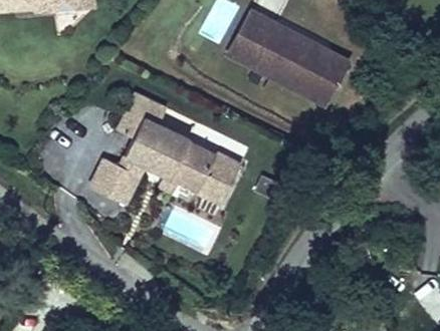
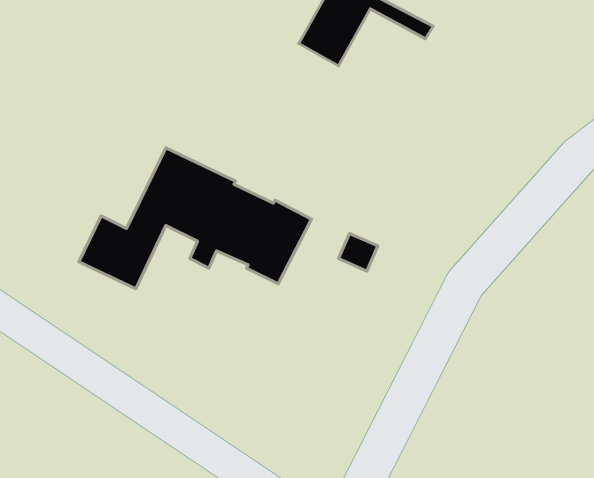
building: [252,29,348,103] -> none

